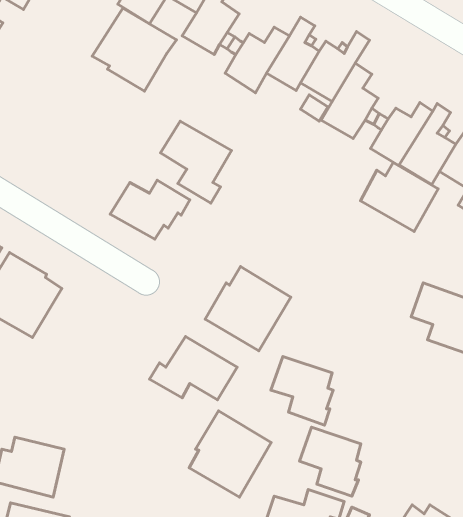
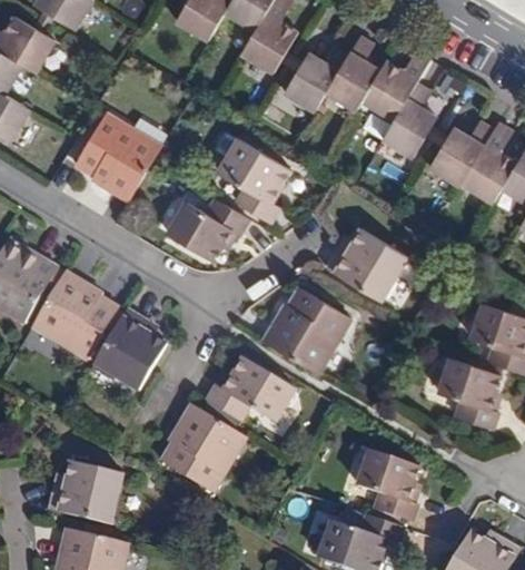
building: [92,8,176,91] -> [73,115,159,199]
building: [360,163,438,232] -> [327,229,406,299]
building: none -> [93,311,165,391]
building: [271,356,333,425] -> [438,358,502,429]
building: [189,411,271,497] -> [161,404,245,492]

